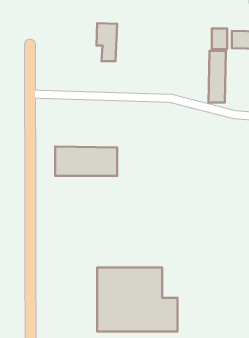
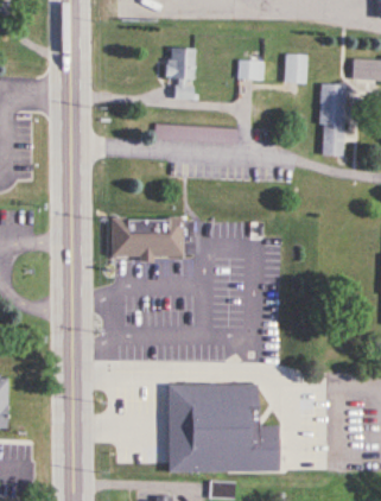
building: [212,28,227,49] -> [285,53,306,82]
building: none -> [237,59,263,80]

